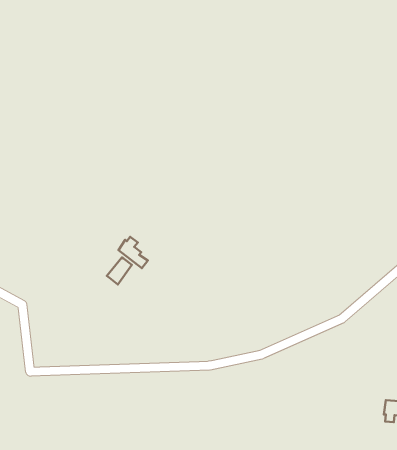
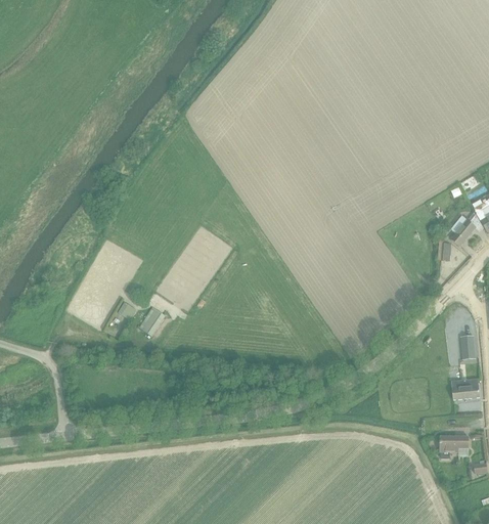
building: [119,237,148,268] -> none

